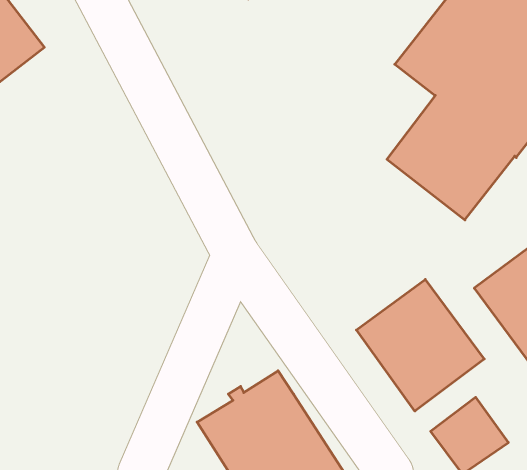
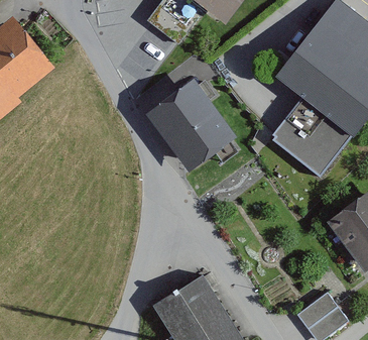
building: none -> [146,82,232,171]
building: [356,279,484,411] -> none

